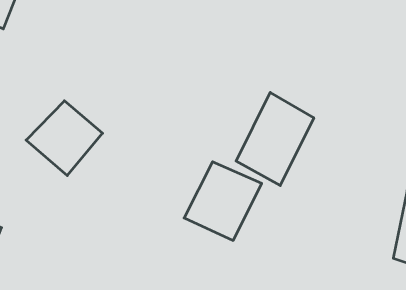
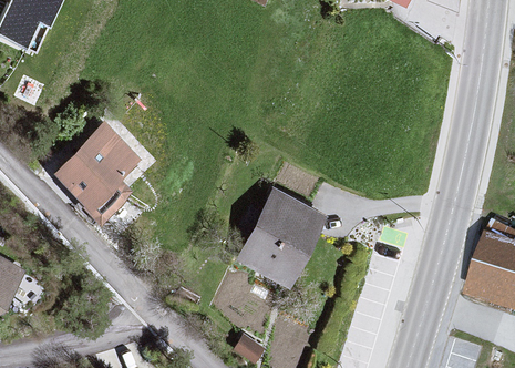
building: [236,92,314,186] -> none

